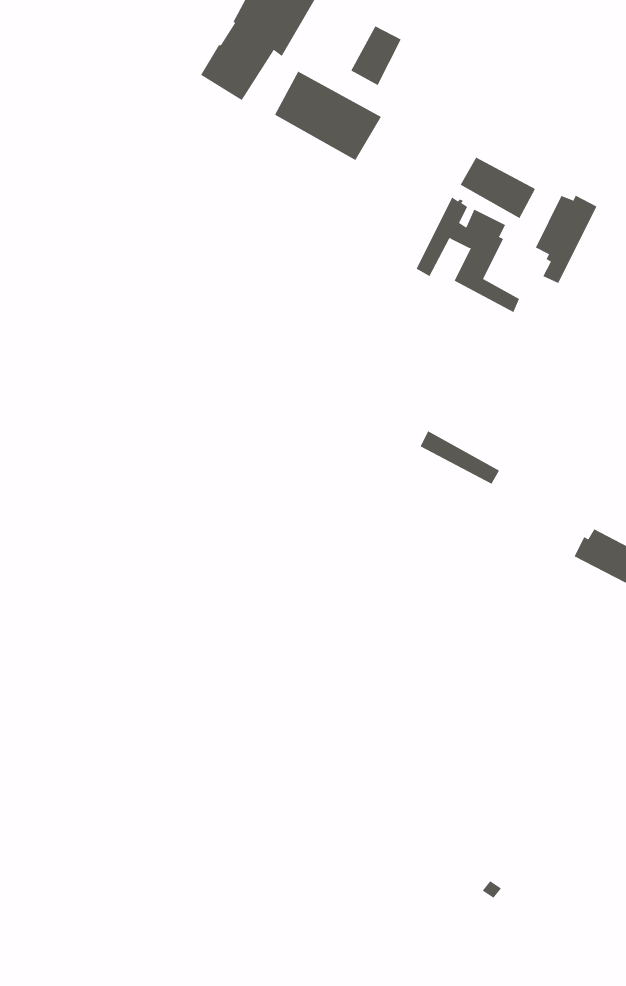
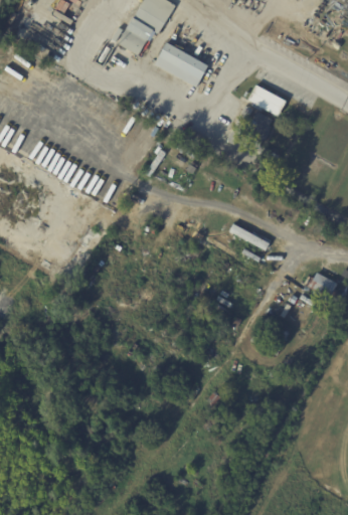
building: [350,25,402,86] -> none
building: [535,195,597,284] -> none

